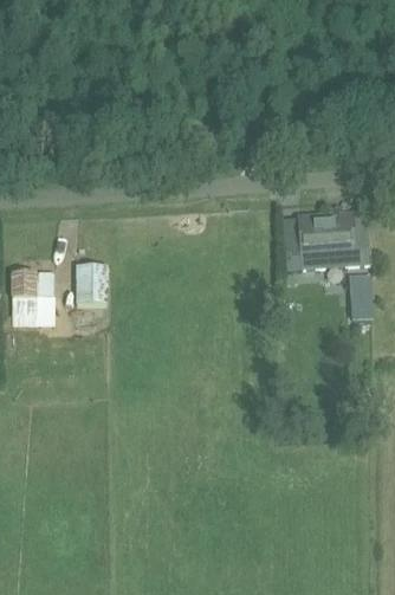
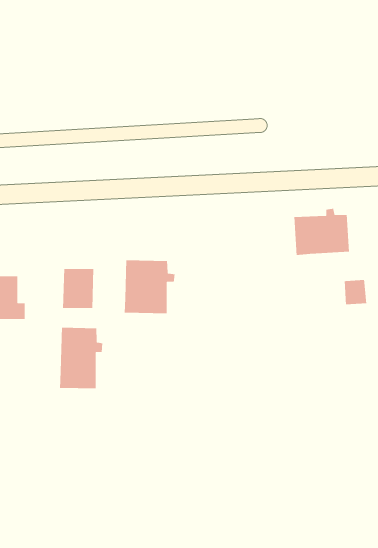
building: none -> [124,259,175,314]
building: none -> [59,327,103,389]

